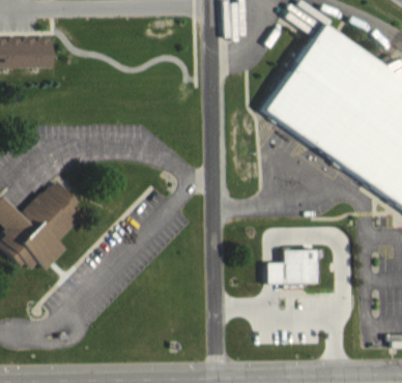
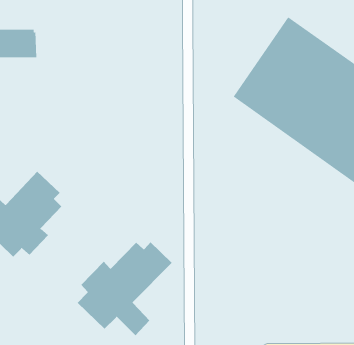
building: [266,258,318,292] -> none
building: none -> [77,242,172,336]

